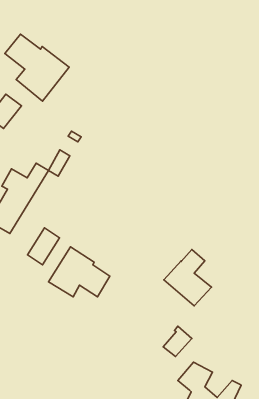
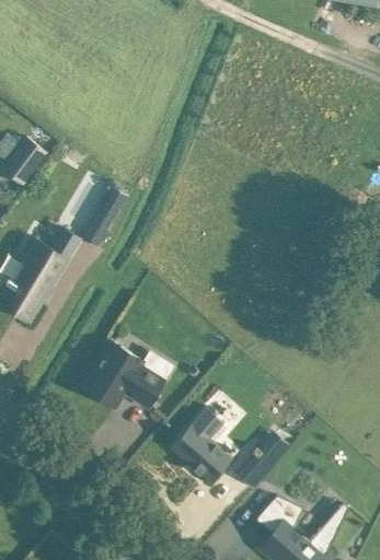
building: [5,34,69,101] -> none
building: [28,228,59,265] -> none
building: [164,249,211,306] -> [168,407,231,482]

